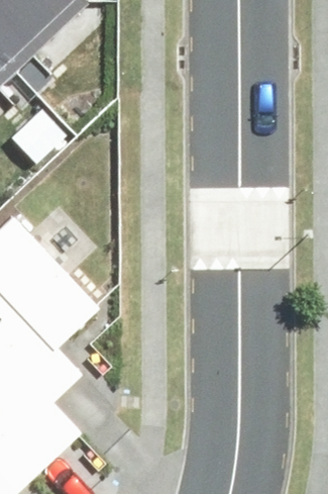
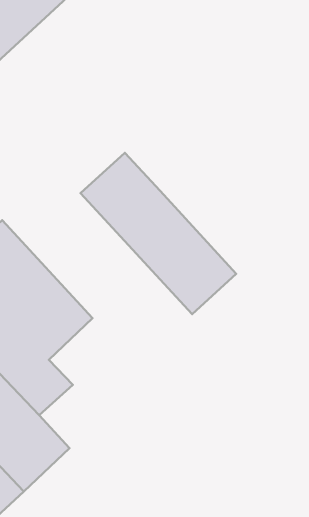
building: none -> [80,153,236,314]

